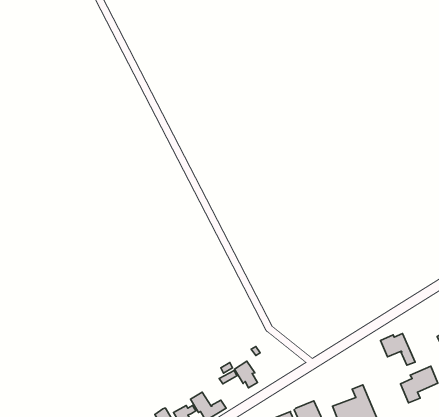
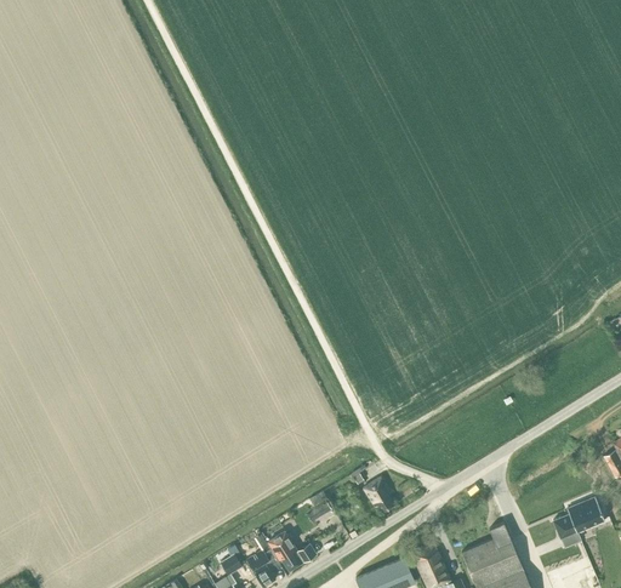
building: [380,334,415,365] -> none
building: [234,361,258,388] -> [364,478,395,514]

